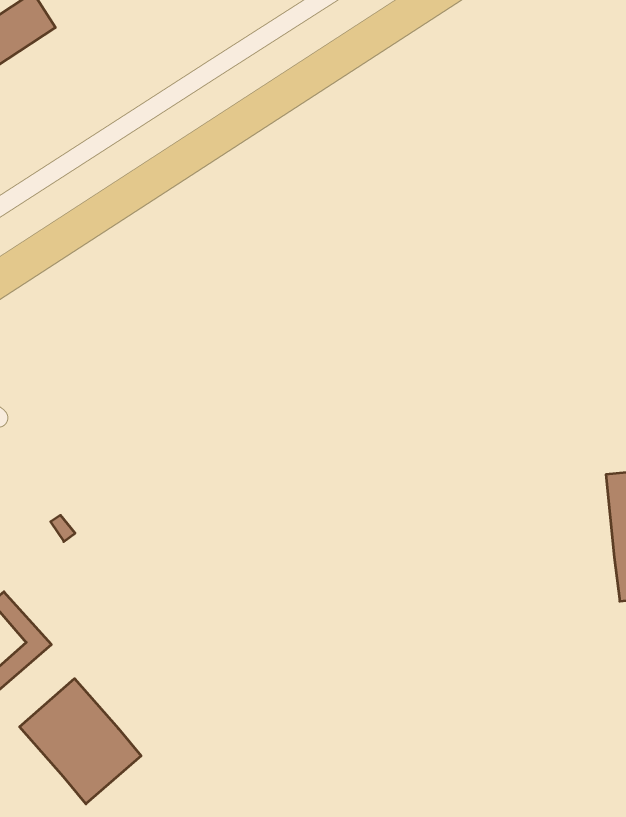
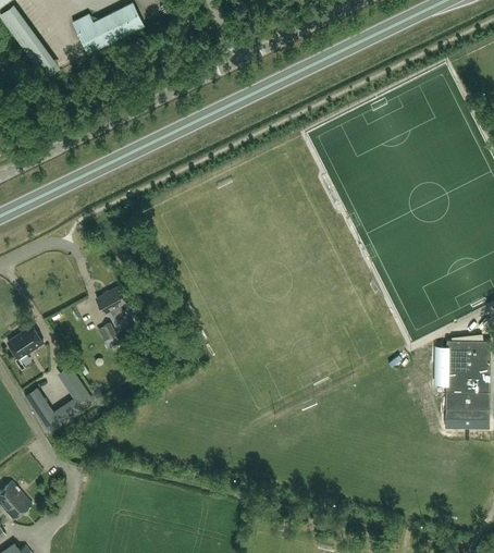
building: none -> [95,288,124,322]
building: [20,679,141,804] -> none

